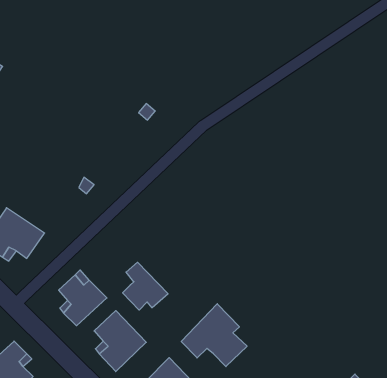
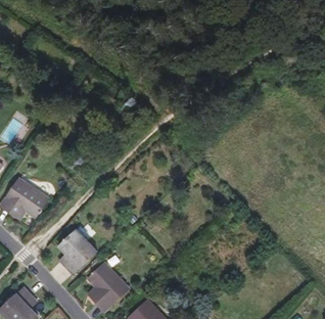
building: [123,262,168,310] -> none
building: [181,304,247,367] -> none

